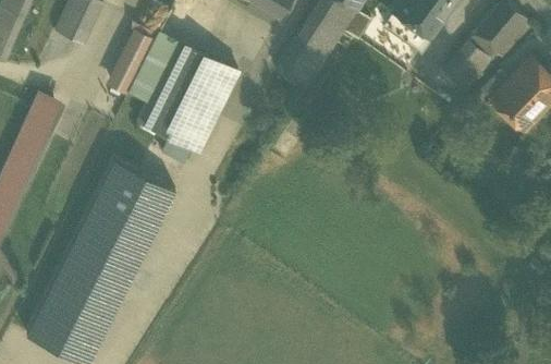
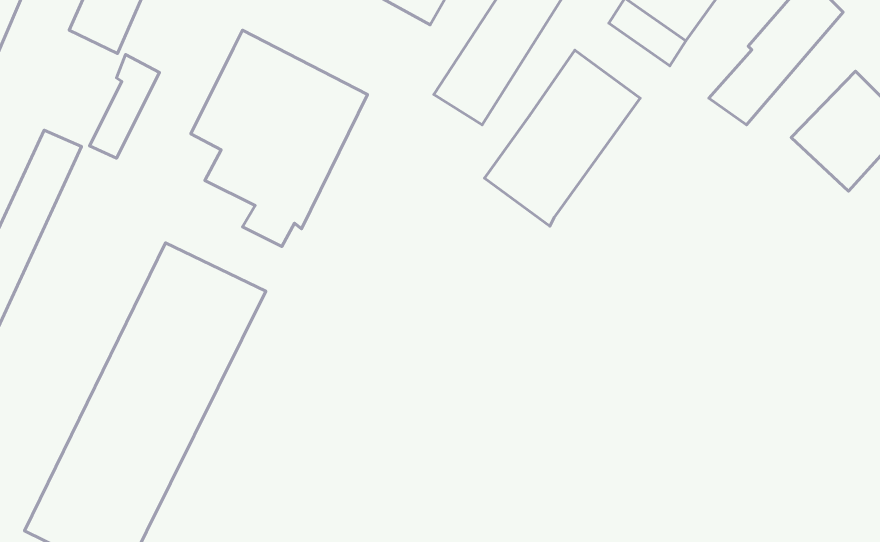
building: [113,29,156,93] -> [90,55,159,158]
building: none -> [485,50,640,226]

